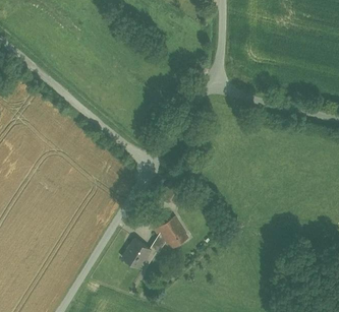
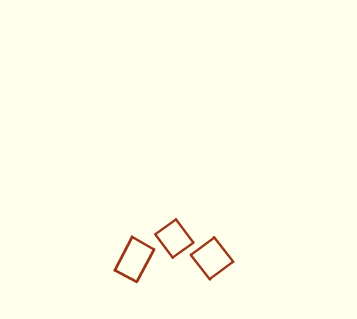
building: none -> [191,237,233,279]

